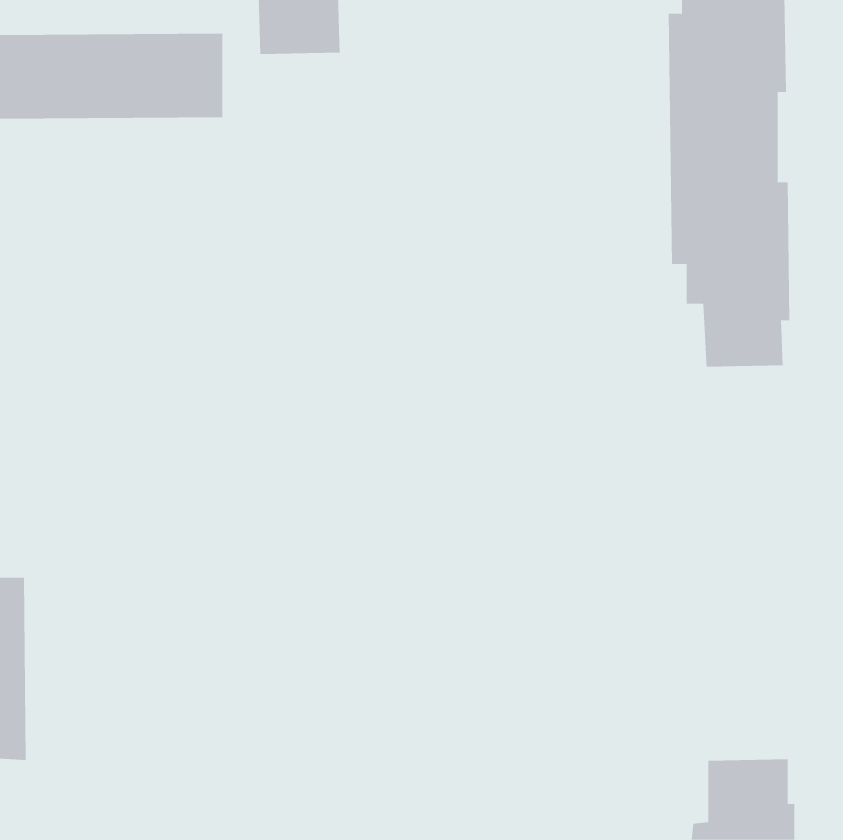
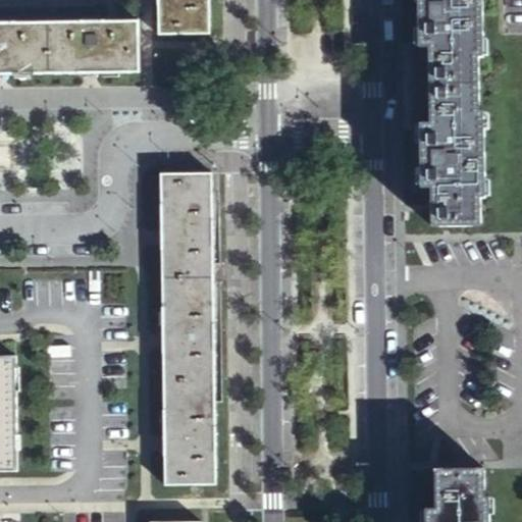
building: none -> [160,173,213,484]

